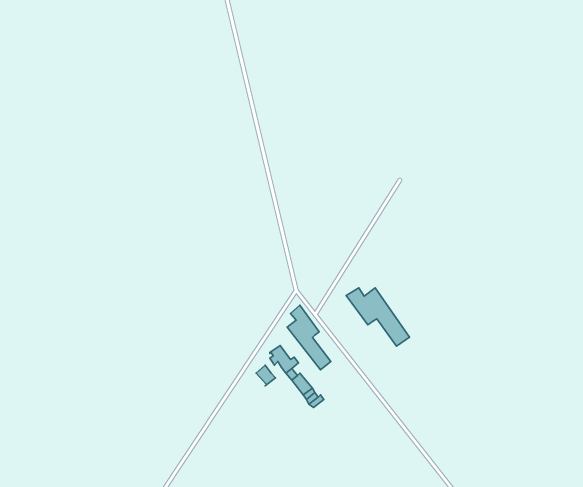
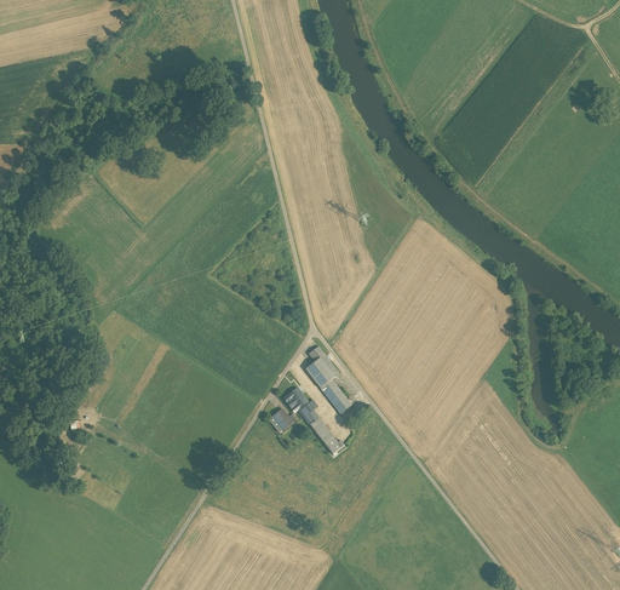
building: [346,288,409,346] -> none

